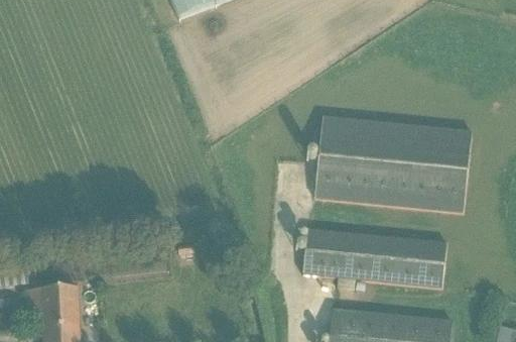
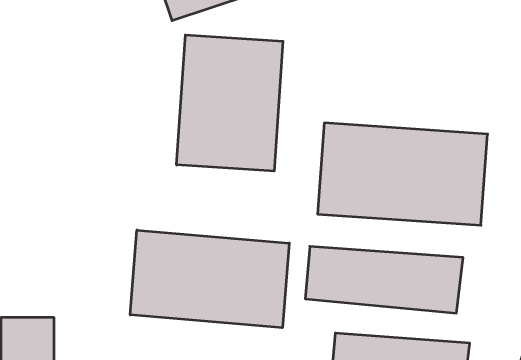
building: none -> [177,35,283,171]
building: none -> [130,230,289,328]

